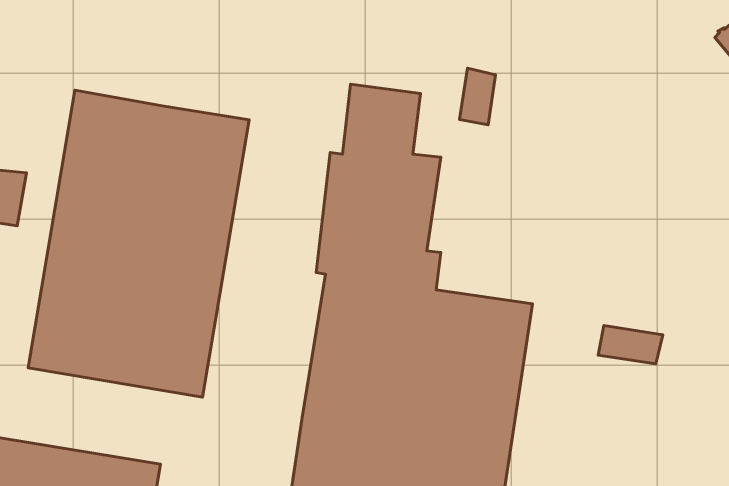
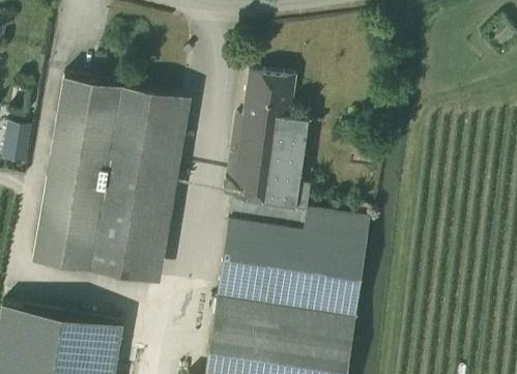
building: [459,68,496,125] -> none
building: [598,325,663,364] -> none

